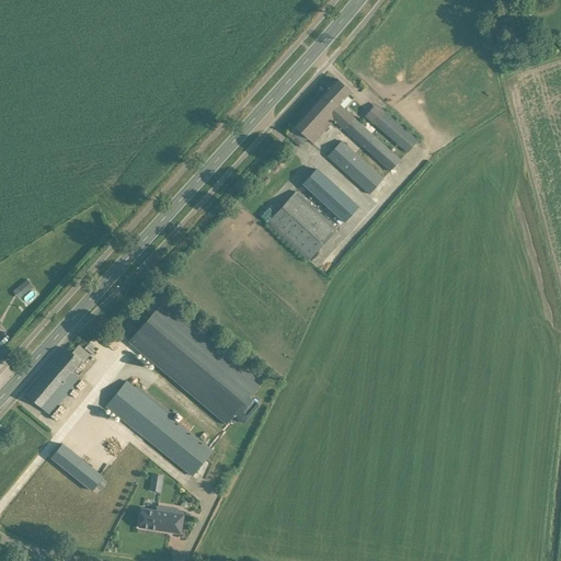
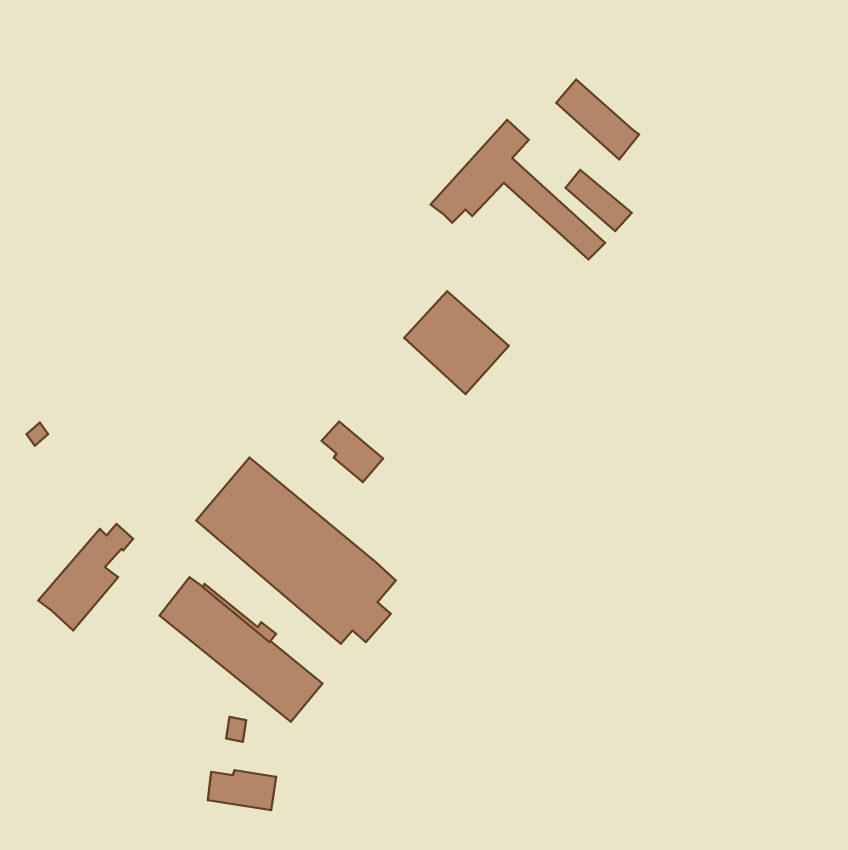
building: [327,141,381,194] -> [556,80,639,159]
building: [301,169,356,221] -> none
building: none -> [321,421,383,482]
building: [49,443,102,490] -> none

